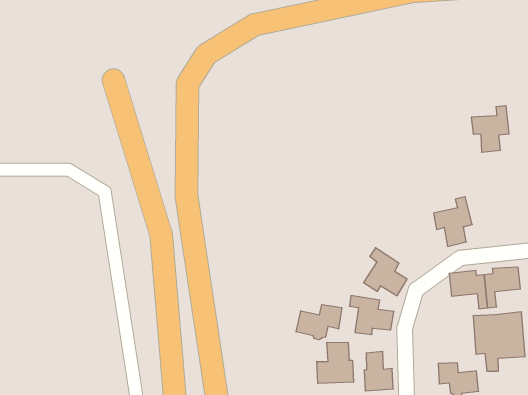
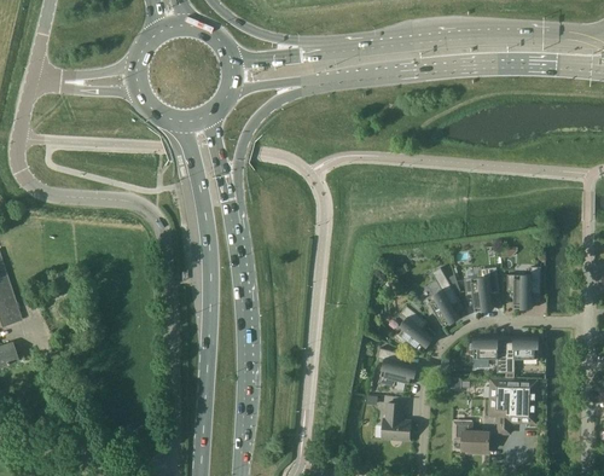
building: [471,106,509,152] -> [506,267,540,308]
building: none -> [420,268,459,327]
building: [296,304,342,340] -> none
building: [317,342,353,383] -> none

